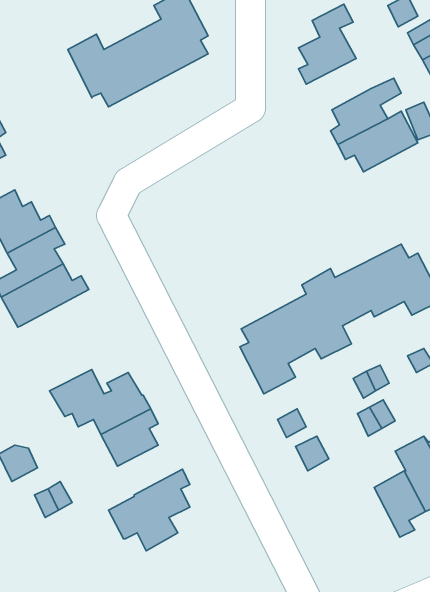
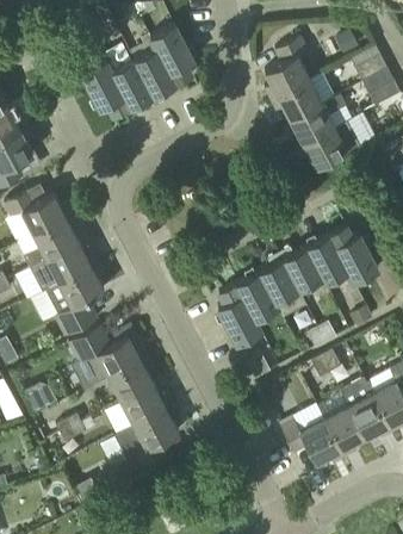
building: none -> [271,80,322,120]
building: none -> [45,262,105,336]
building: none -> [122,385,173,424]
building: none -> [281,418,345,464]

